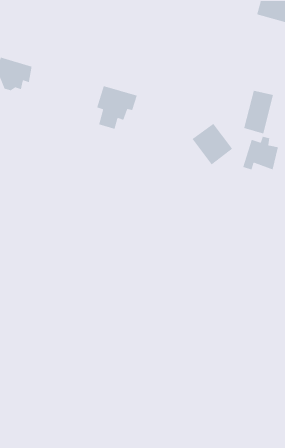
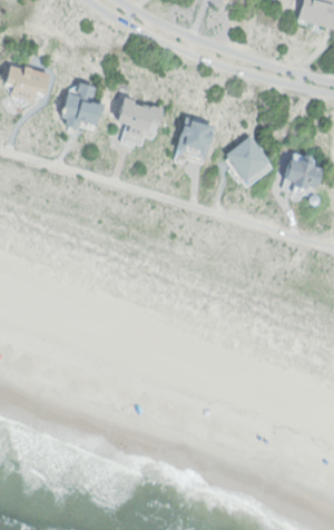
building: none -> [60,84,100,128]
building: [243,90,274,134] -> none
building: none -> [174,117,215,160]

